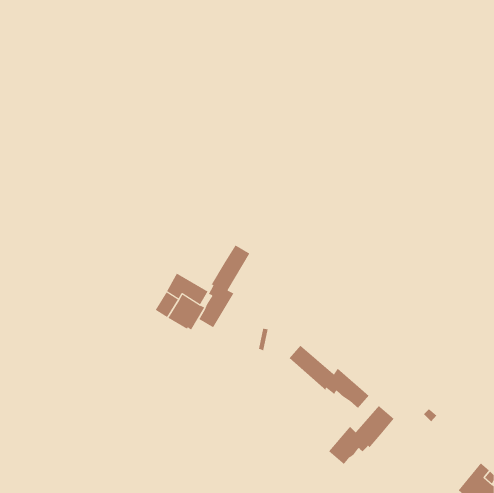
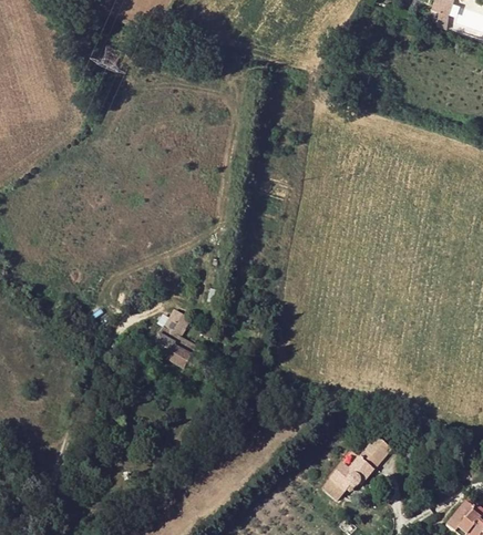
building: [198,244,250,328] -> none
building: [289,345,370,409] -> none

